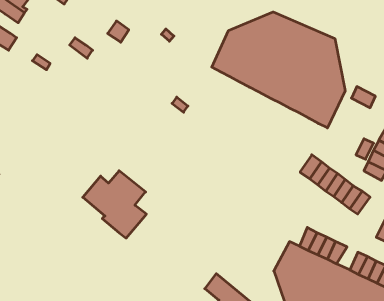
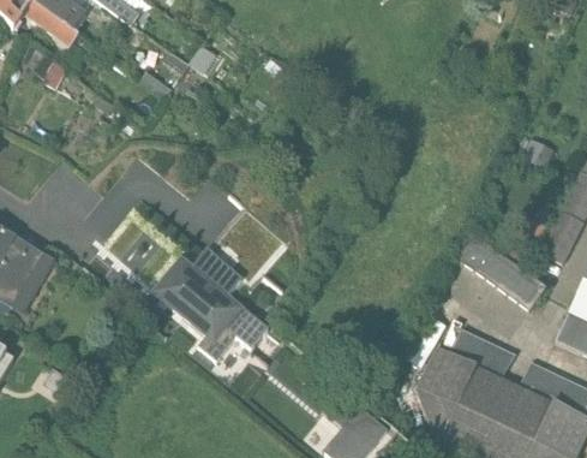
building: [212,12,345,128] -> none
building: none -> [197,308,266,359]

